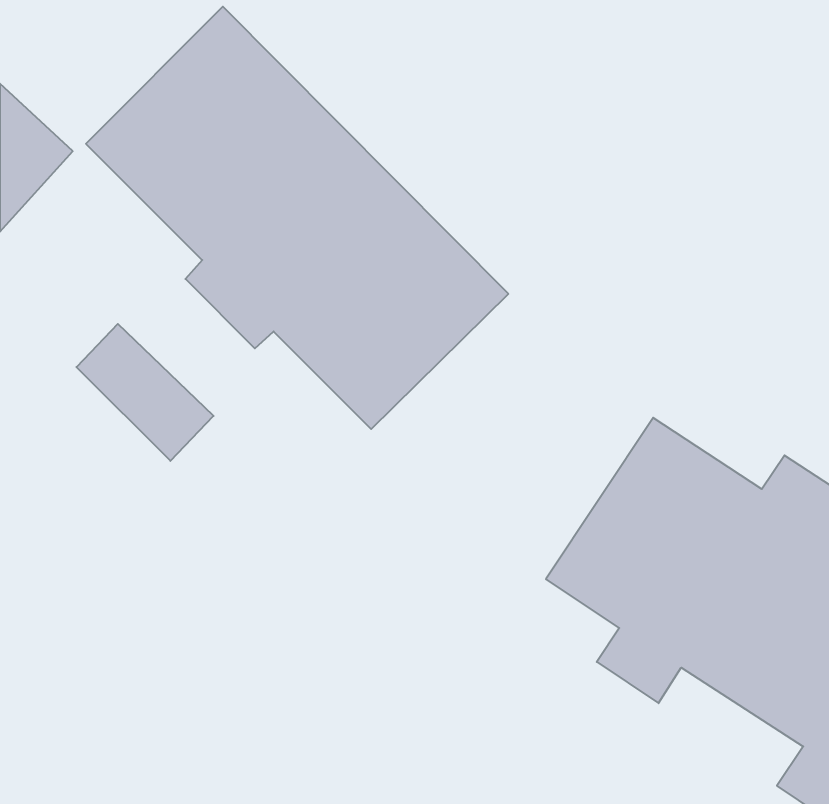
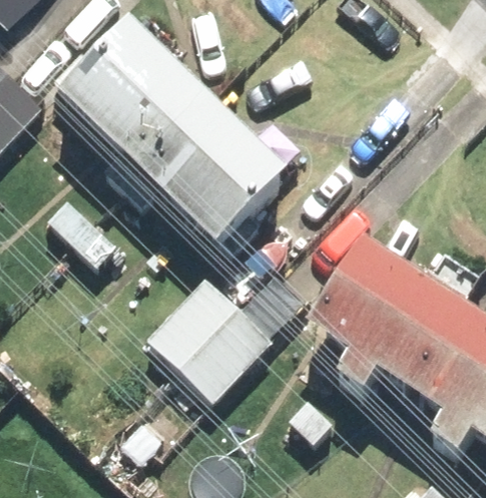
building: none -> [136,272,280,415]

